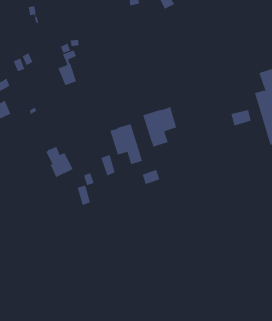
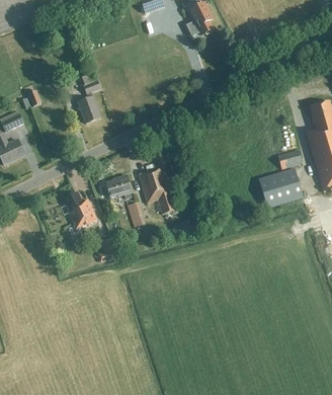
building: [143,106,177,147] -> none
building: none -> [258,167,303,208]
building: none -> [106,173,132,197]

